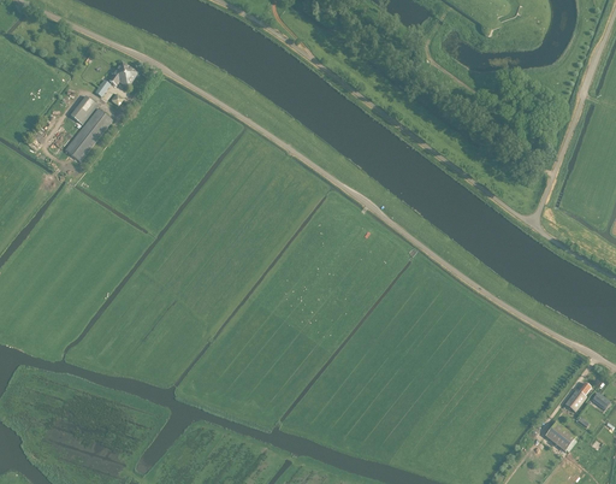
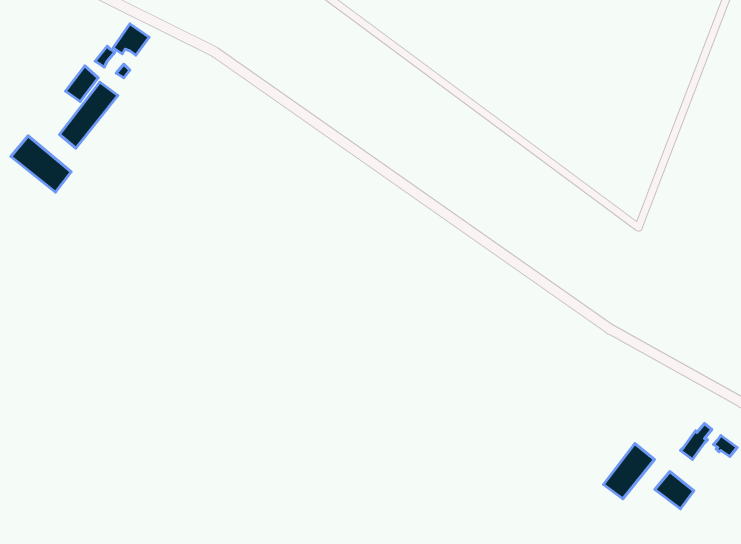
building: none -> [11,136,71,192]
building: none -> [604,444,655,499]

